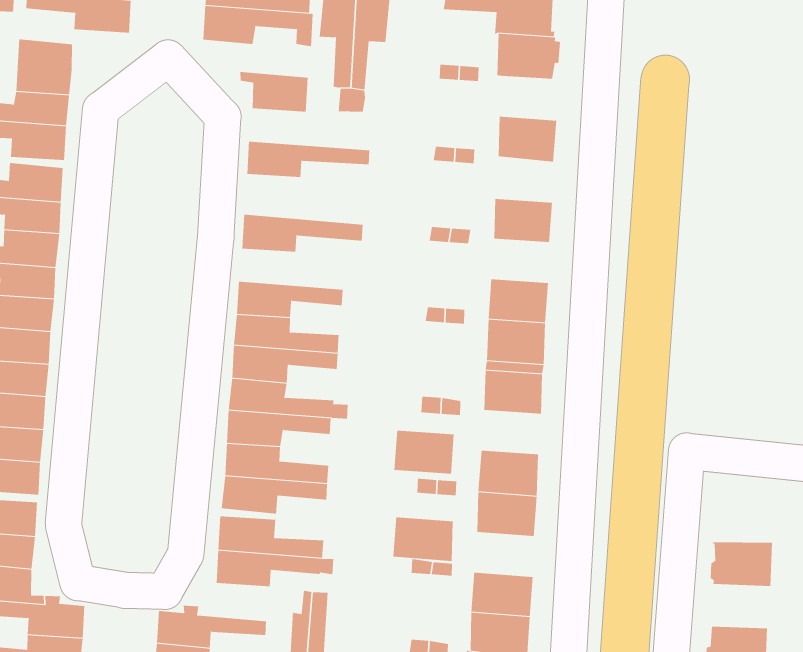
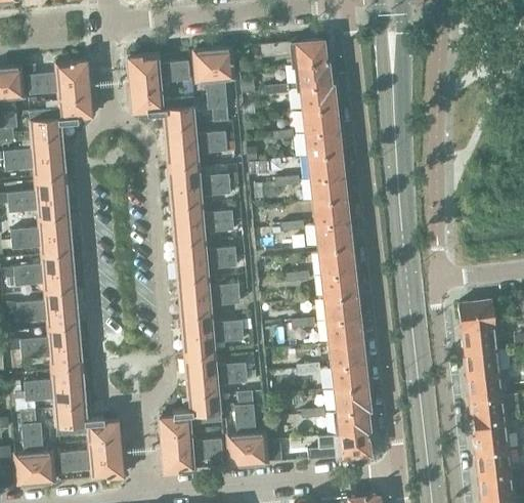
building: none -> [58,98,91,124]
building: none -> [131,93,193,116]
building: none -> [301,85,336,111]
building: none -> [165,126,234,148]
building: none -> [306,131,341,157]
building: none -> [168,165,237,188]
building: none -> [300,176,346,203]
building: none -> [172,205,232,226]
building: [394,430,455,474] -> [321,273,356,298]
building: none -> [457,299,494,328]
building: [392,517,454,561] -> [329,341,364,367]
building: none -> [181,393,220,416]
building: none -> [464,347,499,375]

